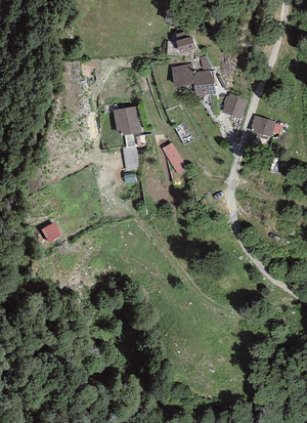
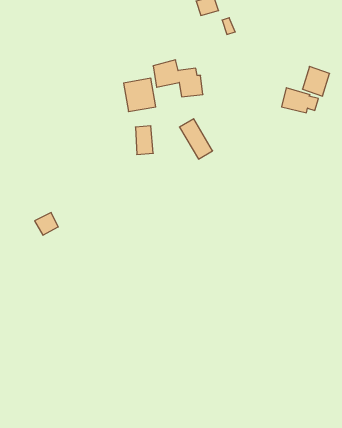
building: [171,62,214,94] -> [153,60,203,97]
building: [222,92,246,118] -> [302,66,330,96]

